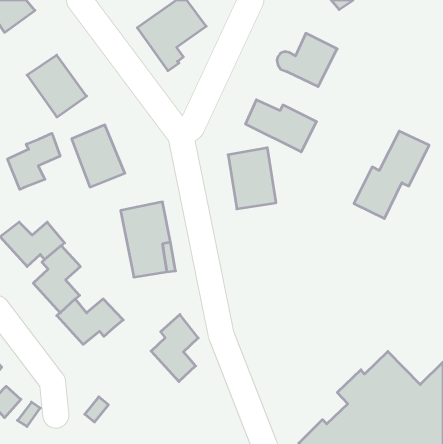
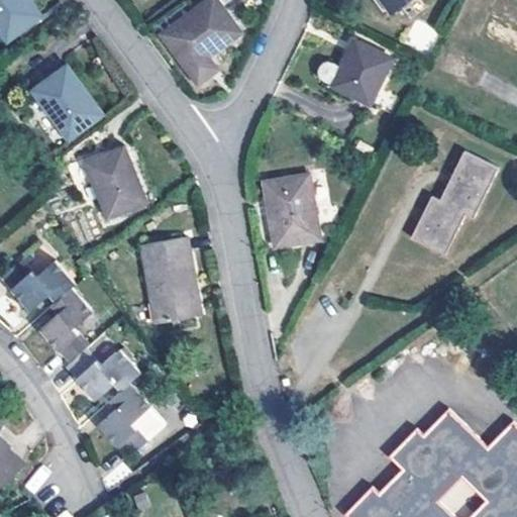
building: [246,100,317,152] -> none
building: [8,133,60,189] -> none
building: [151,314,198,382] -> [98,382,152,459]

